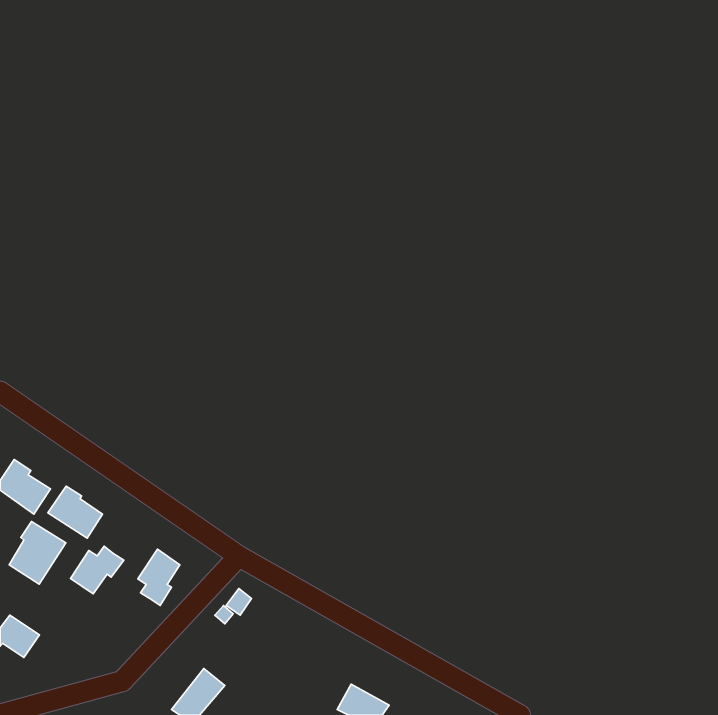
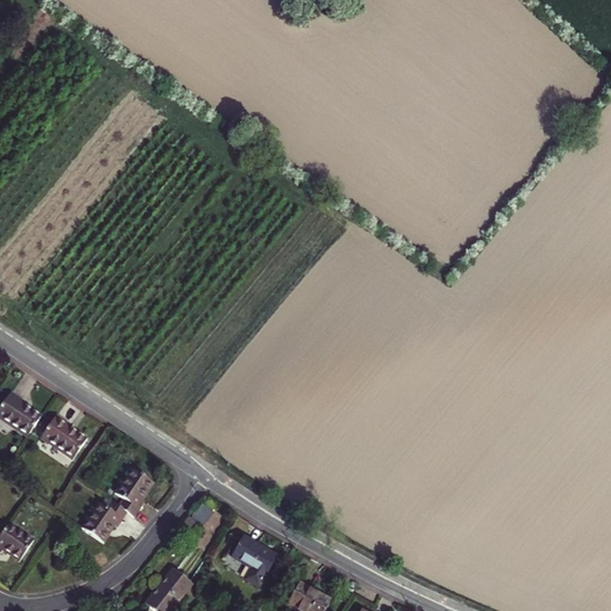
building: [9,522,66,584] -> none
building: [71,546,124,594] -> [84,498,129,538]
building: none -> [232,536,276,585]

